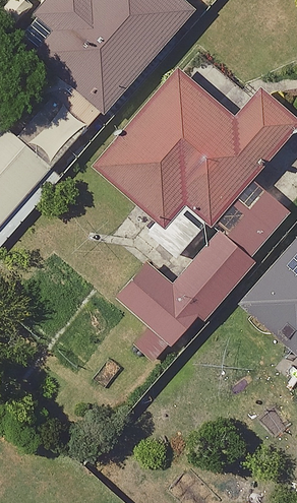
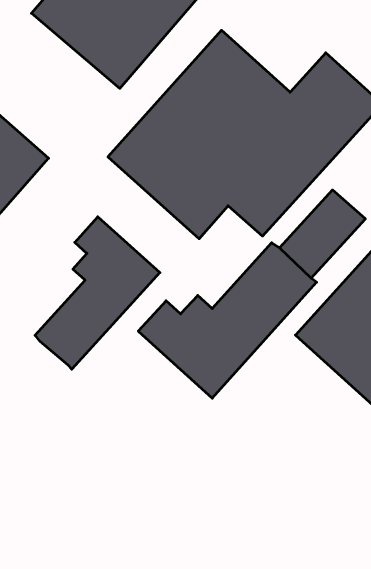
building: none -> [35,217,160,369]

